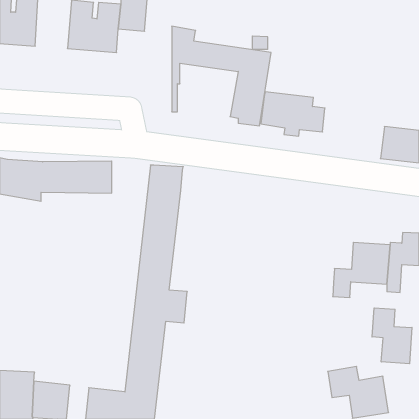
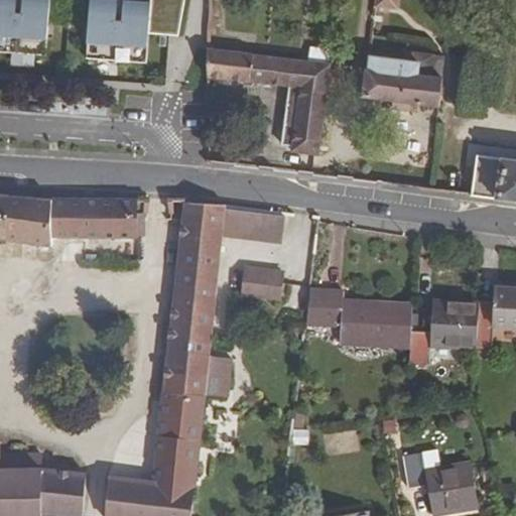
building: [261,92,325,136] -> [361,57,439,112]
building: none -> [222,209,284,240]
building: none -> [241,269,284,298]
building: none -> [306,289,412,347]
building: [372,308,412,364] -> none

